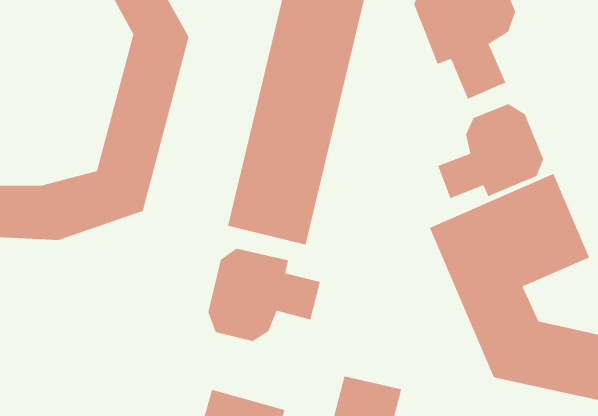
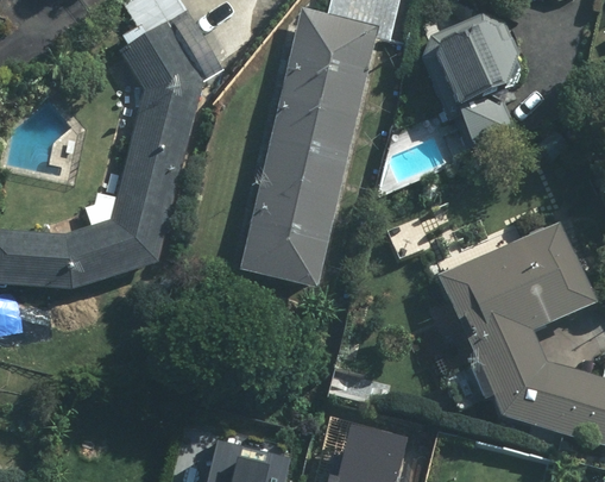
building: [437,103,544,199] -> none
building: [207,248,321,342] -> none

